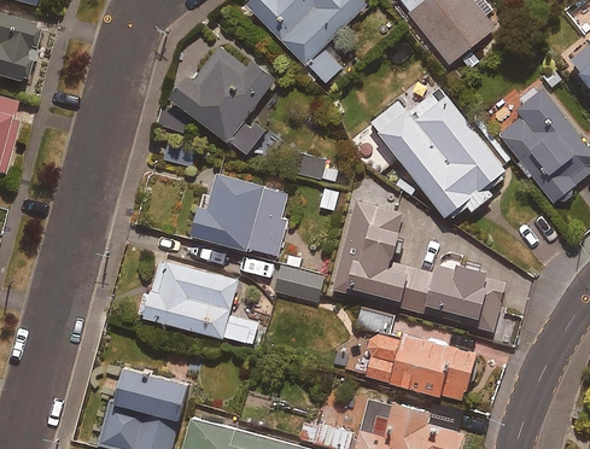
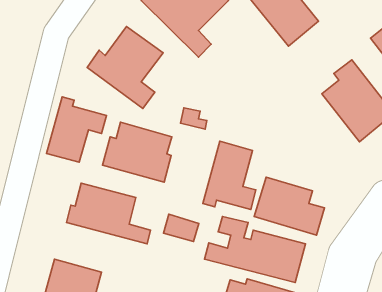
building: [370,75,512,215] -> none
building: none -> [47,97,107,162]
building: [274,266,323,304] -> [164,214,199,242]

